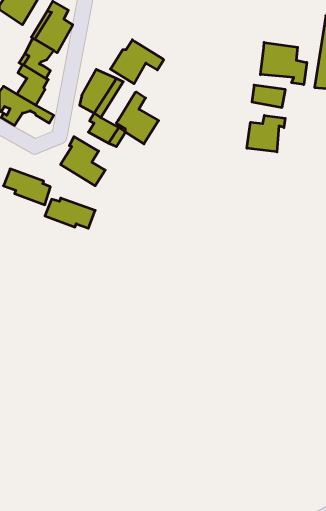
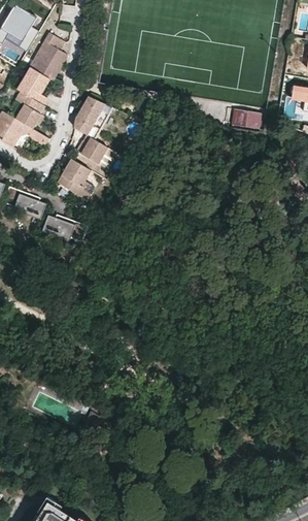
building: [110,40,164,84] -> none
building: [260,42,307,85] -> none
building: [116,92,159,144] -> none
building: [247,115,285,152] -> none

